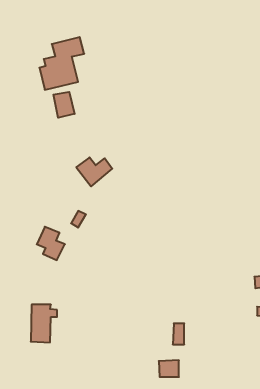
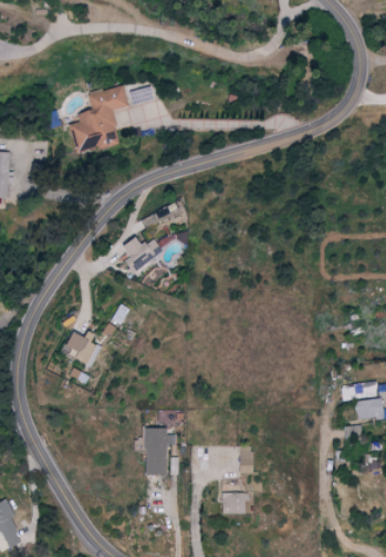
building: [53,92,75,118] -> none
building: [31,305,57,342] -> [143,429,176,476]

